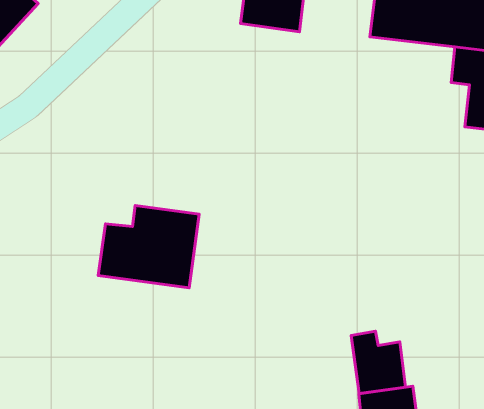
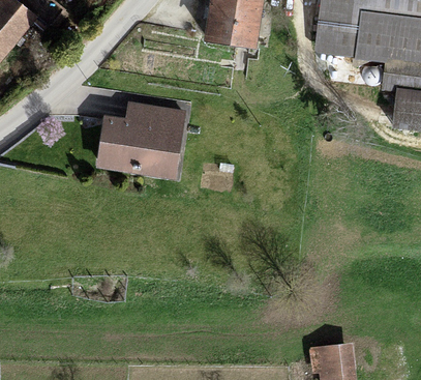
building: [98,206,199,288] -> [96,103,181,172]
building: [351,331,406,394] -> none

